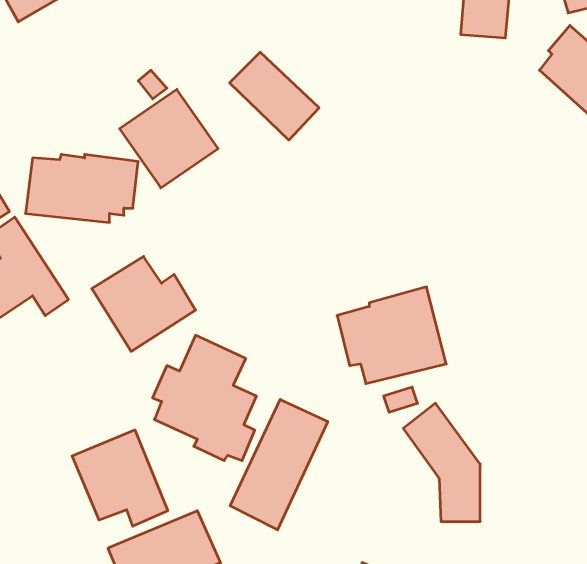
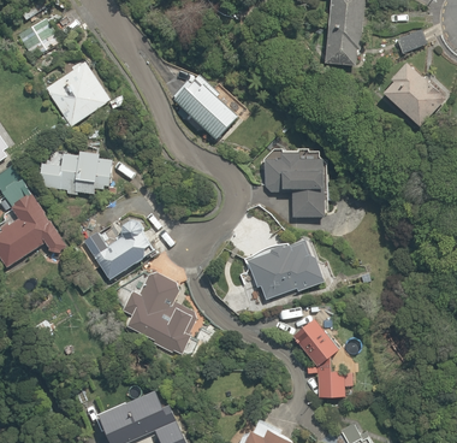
building: [120,89,218,188] -> [46,60,112,126]
building: none -> [266,149,324,220]
building: [230,399,328,530] -> none
building: [72,430,168,526] -> none

